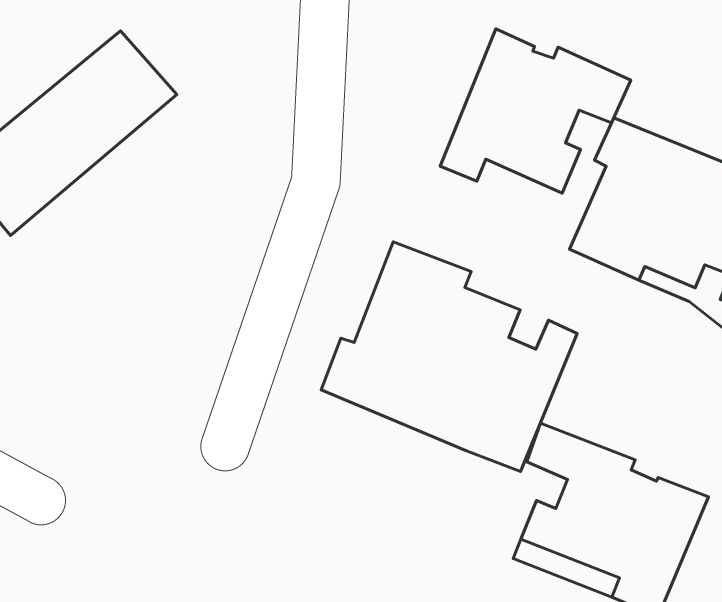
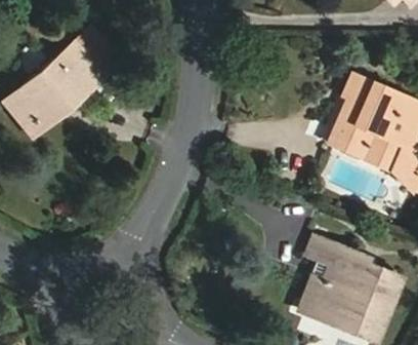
building: [440,29,631,193] -> none
building: [321,242,577,472] -> none

